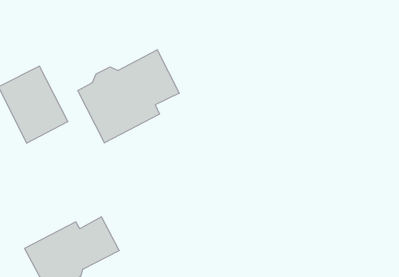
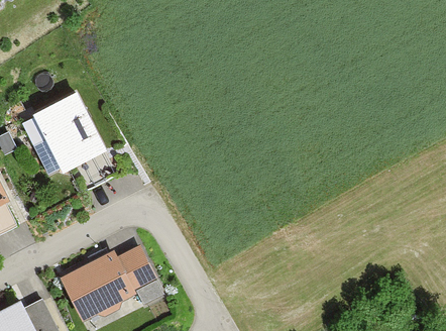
building: [78,50,179,143] -> none

